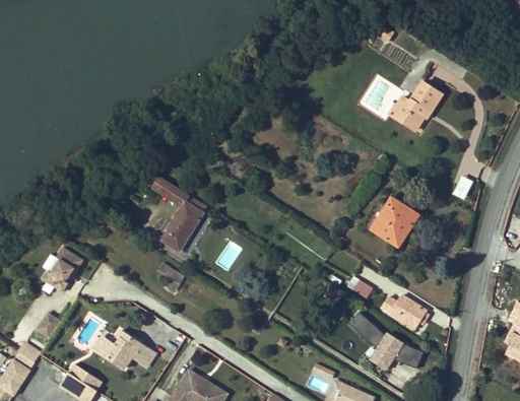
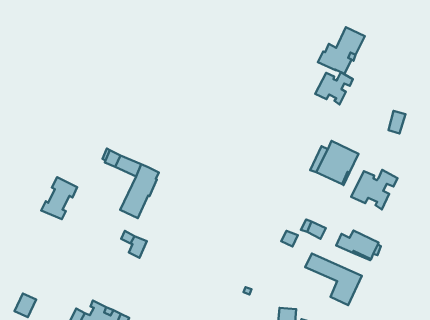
building: none -> [315,72,353,104]
building: none -> [351,170,397,209]
building: [43,247,83,291] -> [41,177,77,219]
building: [397,344,424,367] -> none

